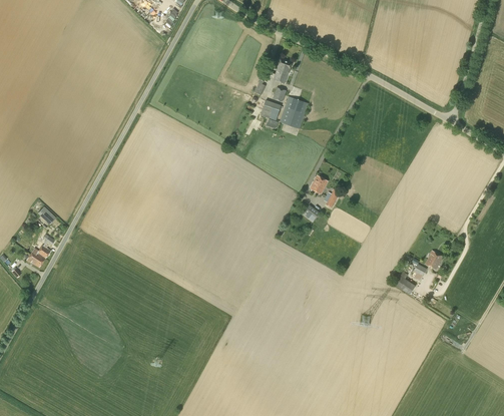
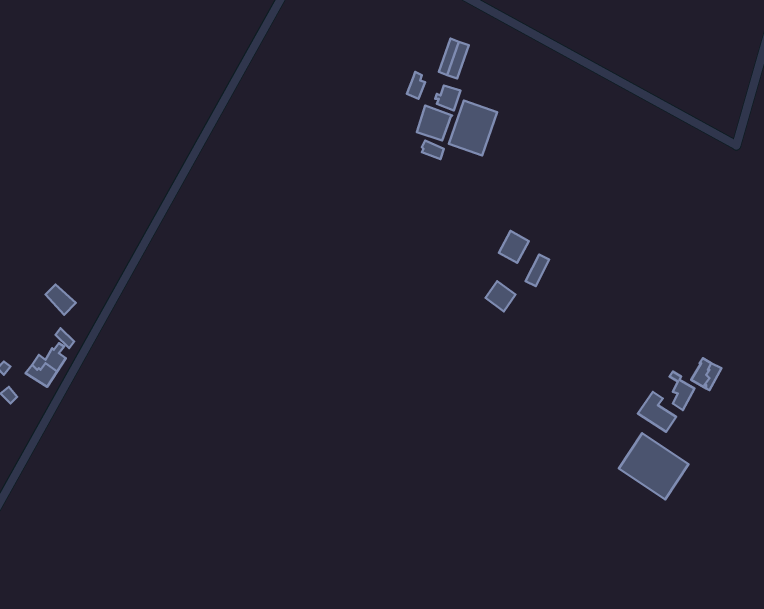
building: none -> [619,433,689,500]

